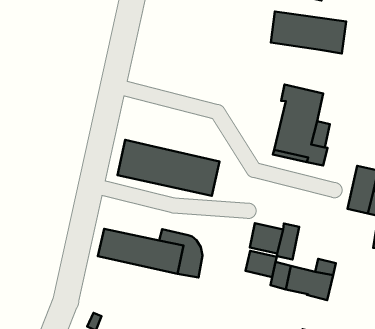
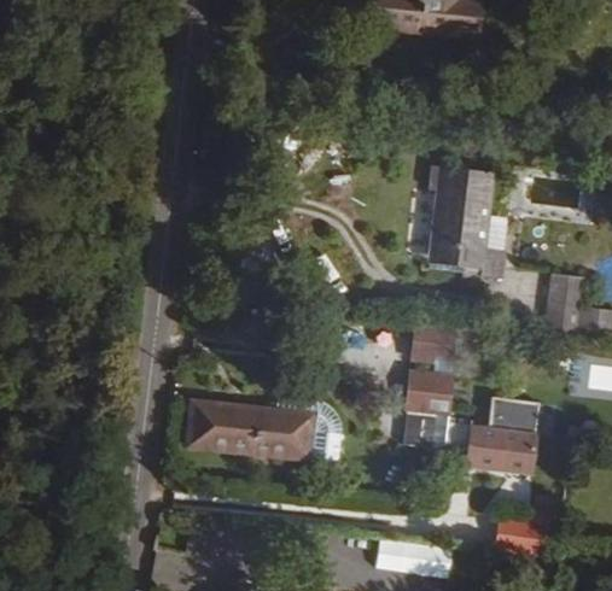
building: [271,12,346,53] -> none
building: [117,140,219,196] -> none
building: none -> [410,322,456,364]

